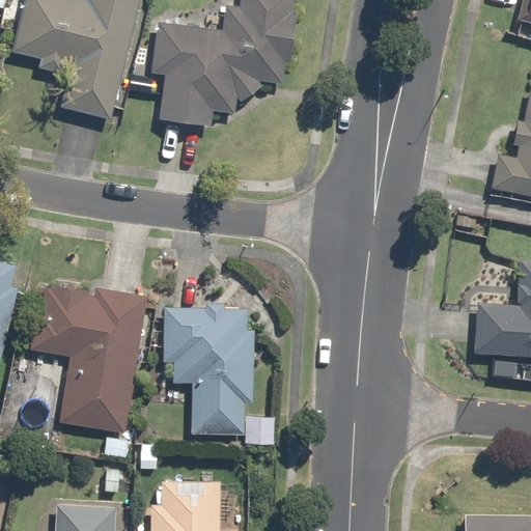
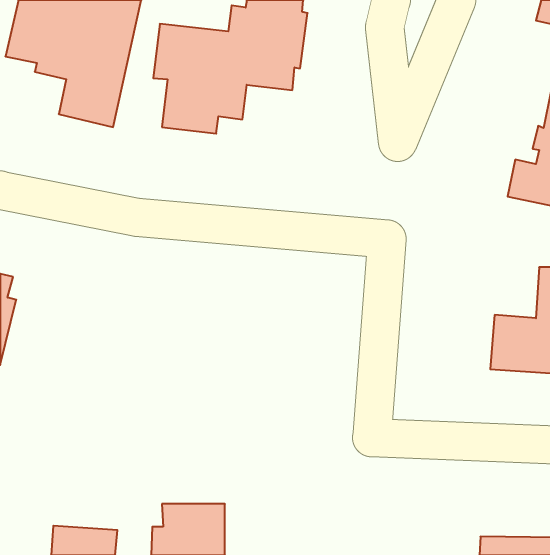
building: [31,283,148,432] -> none
building: [163,306,275,443] -> none

